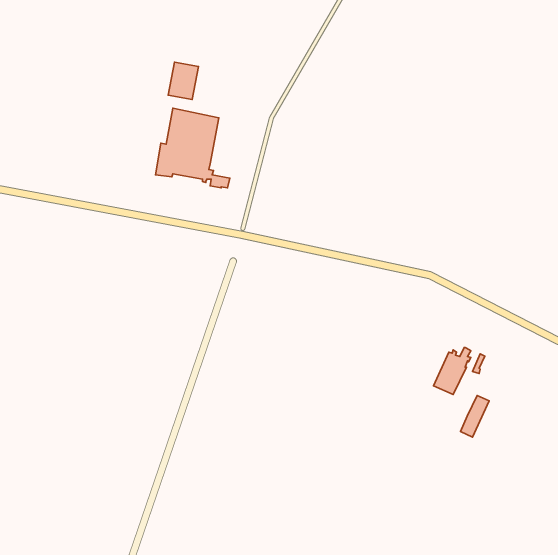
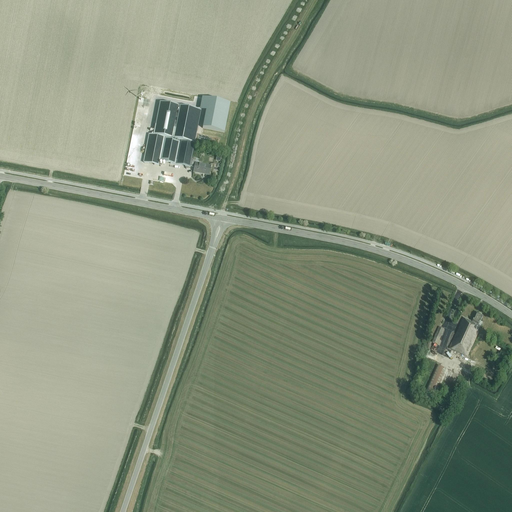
building: [168,62,199,99] -> [201,96,229,130]
building: [434,348,471,395] -> [448,311,482,354]

